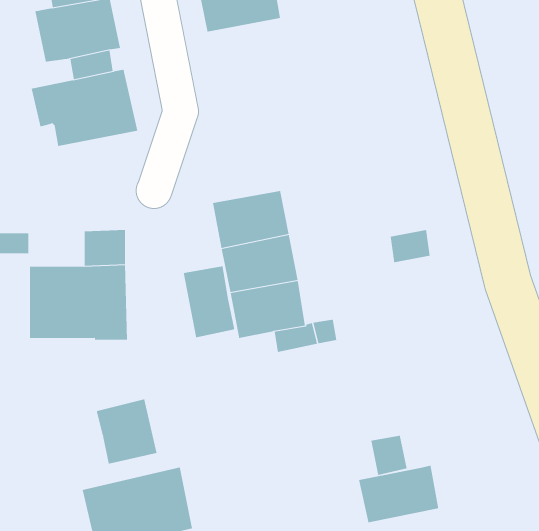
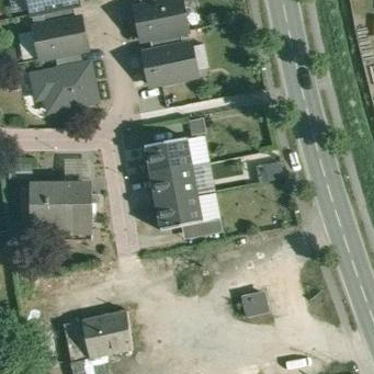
building: none -> [143,44,195,84]
building: [183,265,235,338] -> none
building: [96,399,157,465] -> none
building: [359,465,439,523] -> none

